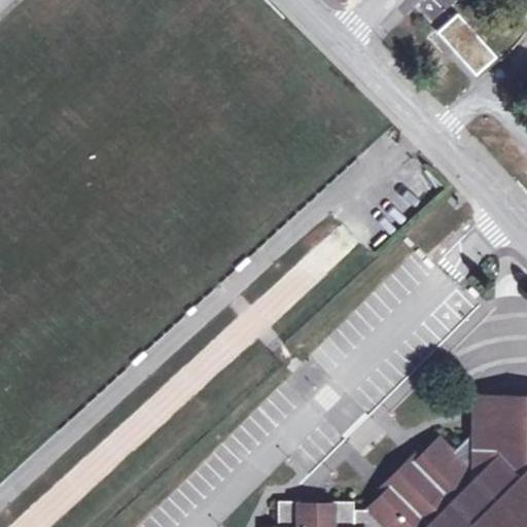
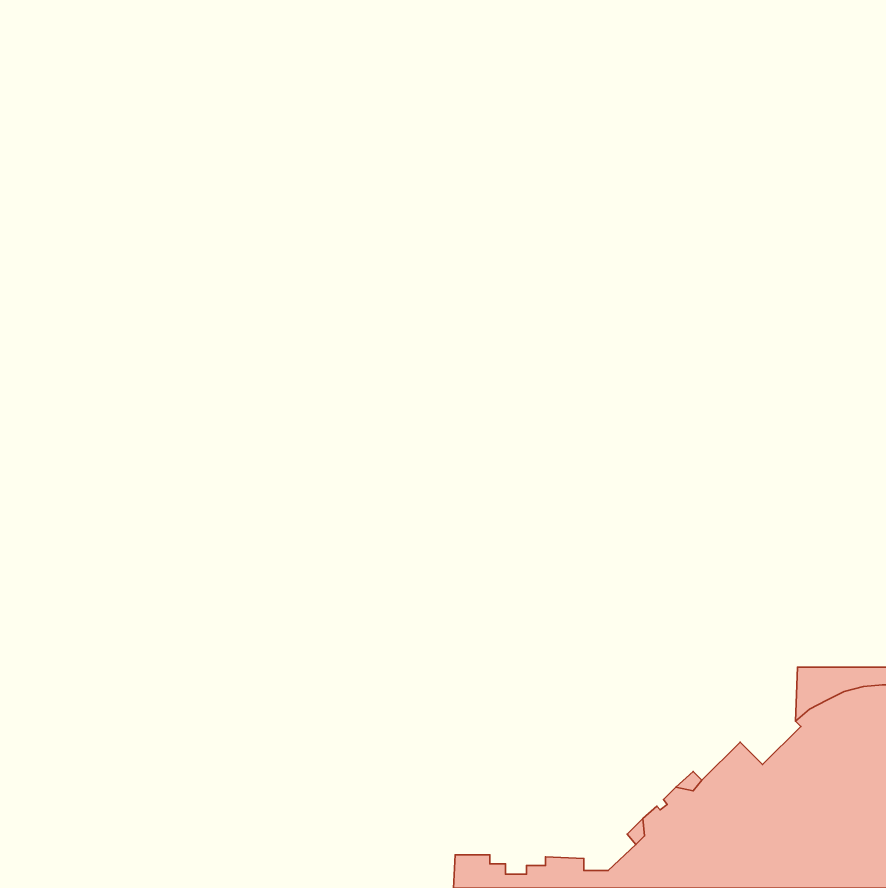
building: [440,13,498,73] -> none

